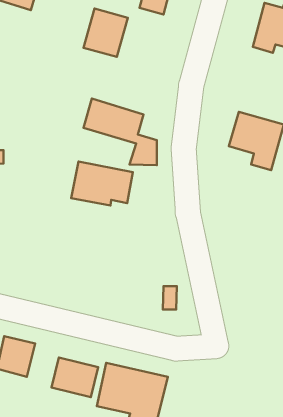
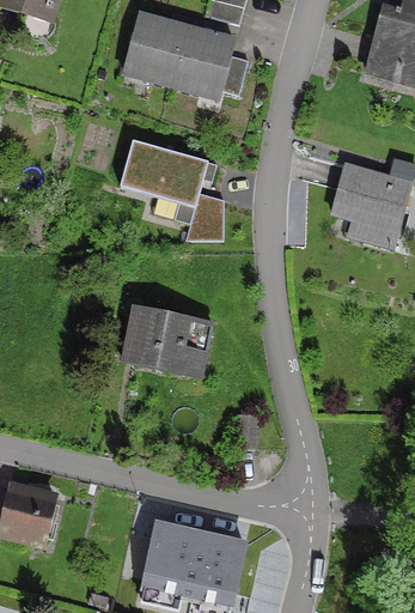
building: none -> [171,28,248,97]
building: [71,161,133,206] -> [122,306,210,370]
building: [51,357,98,397] -> none

